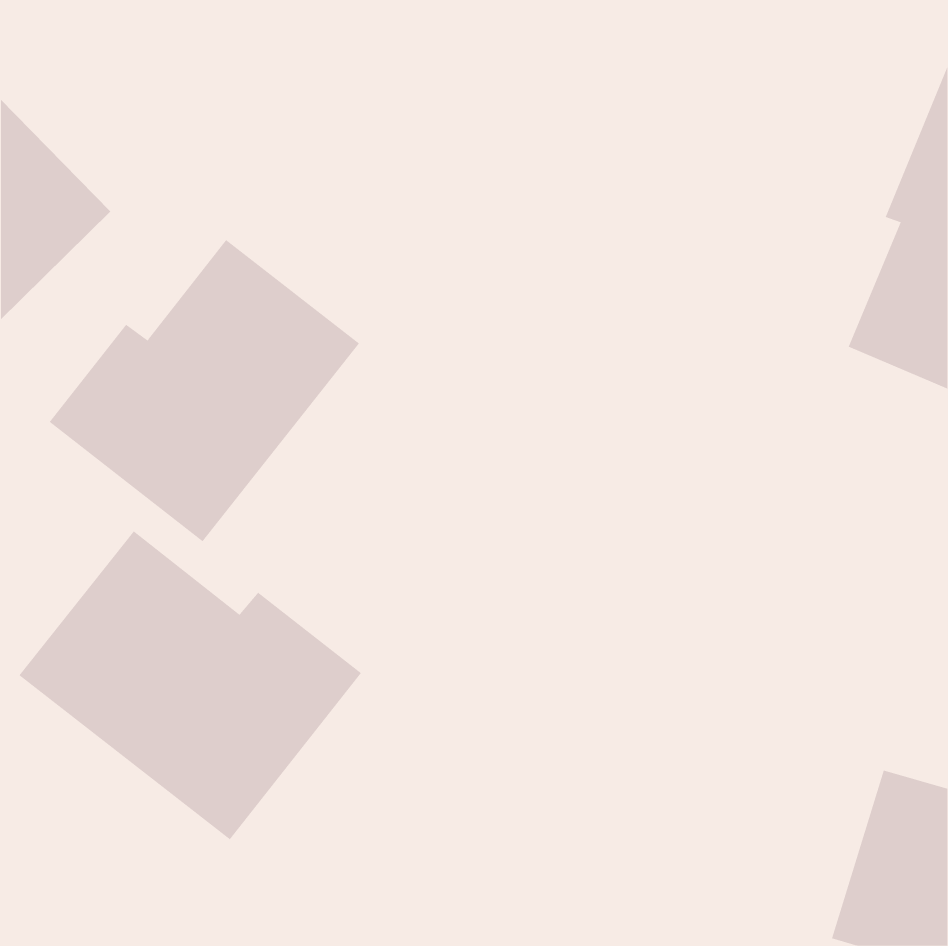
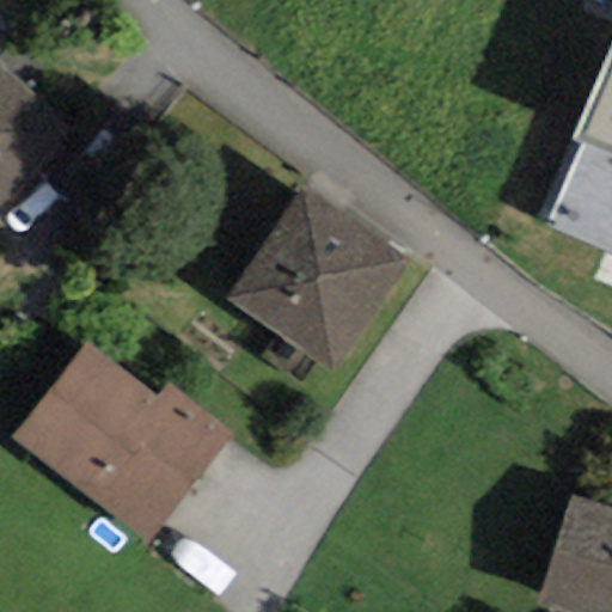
building: [49,239,360,542] -> none
building: none -> [228,189,408,369]

